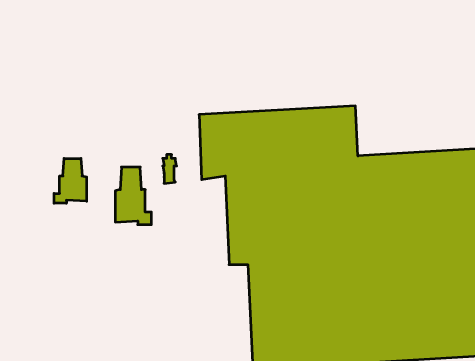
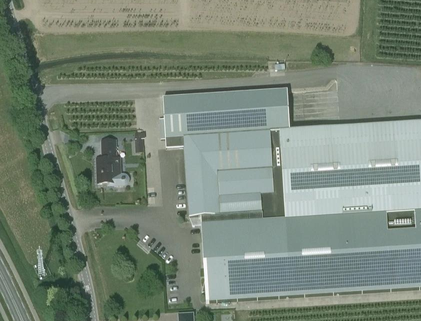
building: [54,158,87,203] -> none

